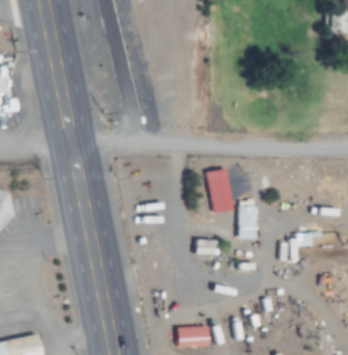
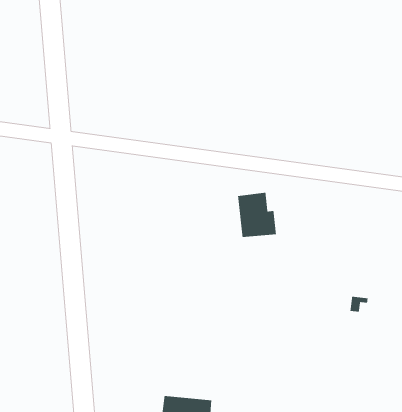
building: [240,204,258,243] -> none

